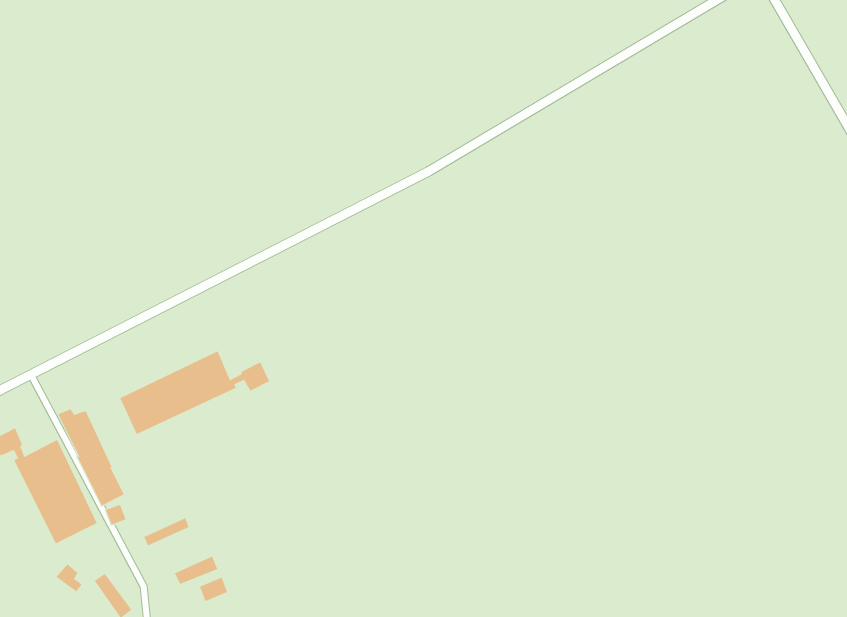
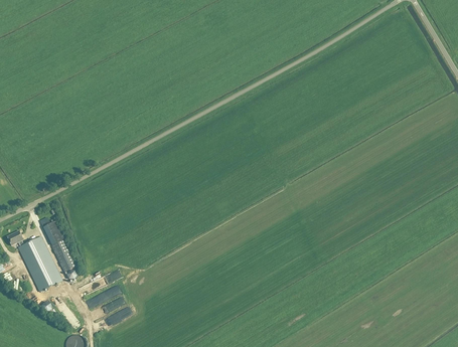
building: [119,350,270,435] -> none

